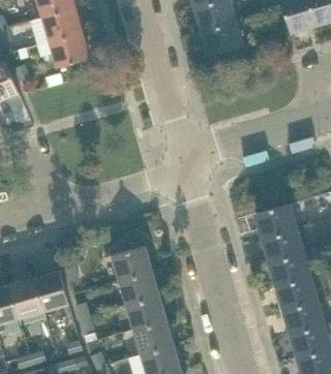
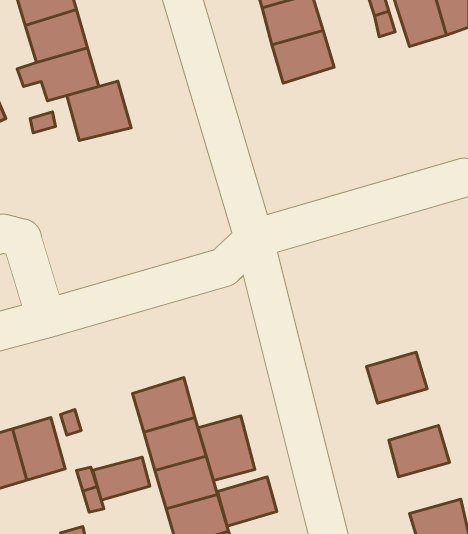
building: none -> [67,81,131,141]
building: [255,205,295,239] -> none
building: [270,253,309,286] -> none
building: none -> [198,416,255,481]
building: none -> [93,457,150,500]
building: [283,301,324,334] -> none
building: none -> [217,477,277,526]

